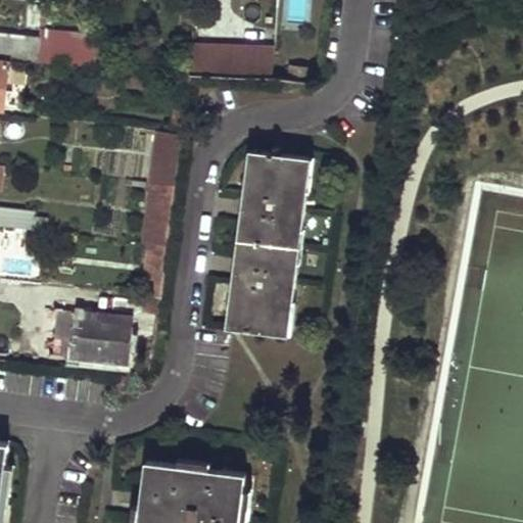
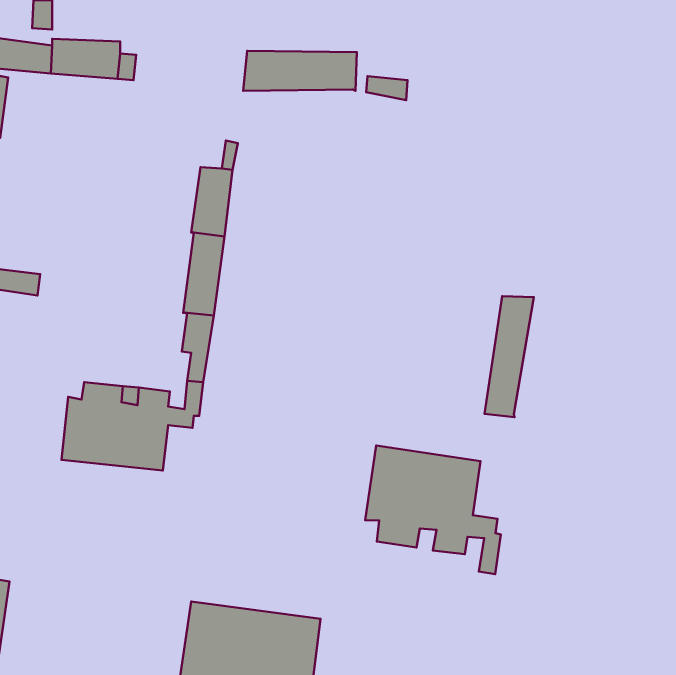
building: [221,151,312,337] -> none
building: none -> [485,296,534,417]
building: none -> [365,445,501,574]

